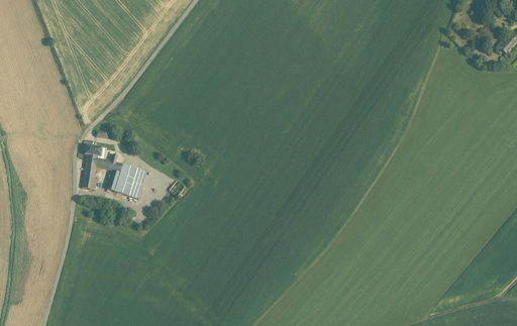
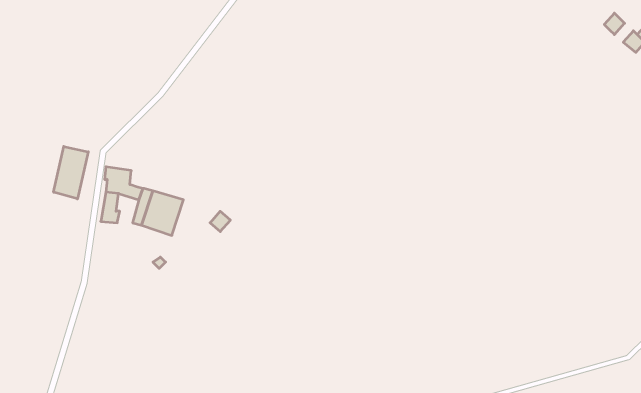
building: none -> [54,146,88,199]

